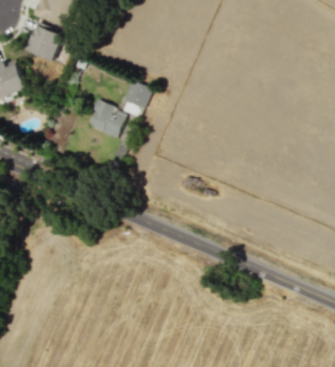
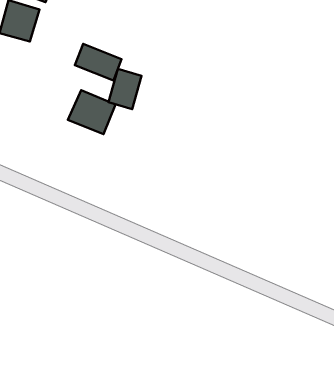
building: none -> [75,44,121,81]

